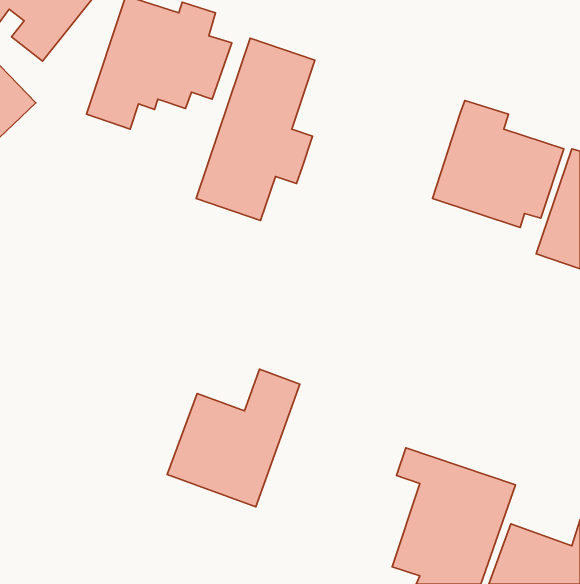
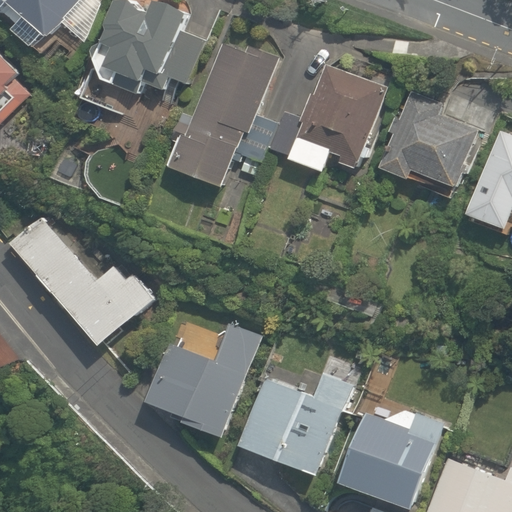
building: none -> [262,63,385,179]
building: none -> [8,212,160,351]
building: none -> [240,353,359,481]

